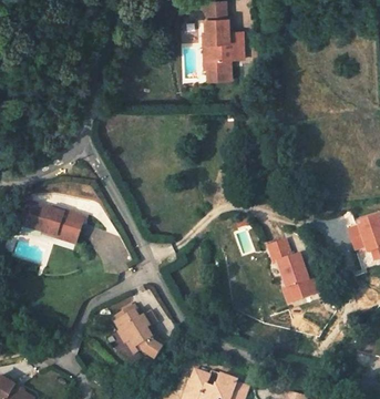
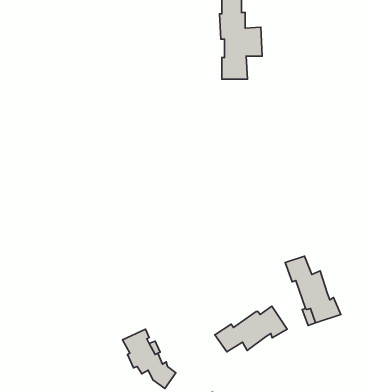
building: [19,203,82,245] -> none
building: none -> [215,306,287,352]

